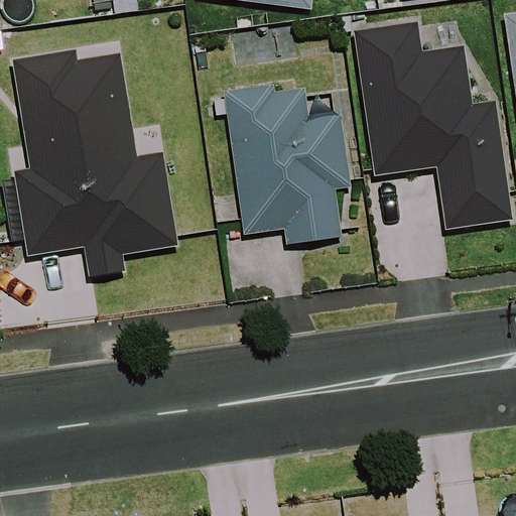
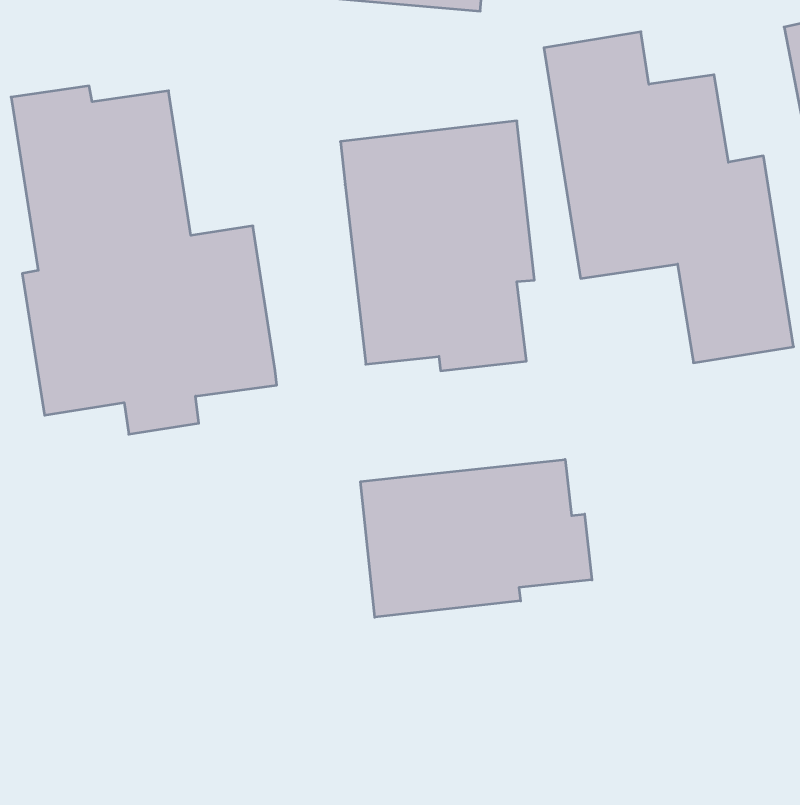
building: none -> [361,459,592,617]

